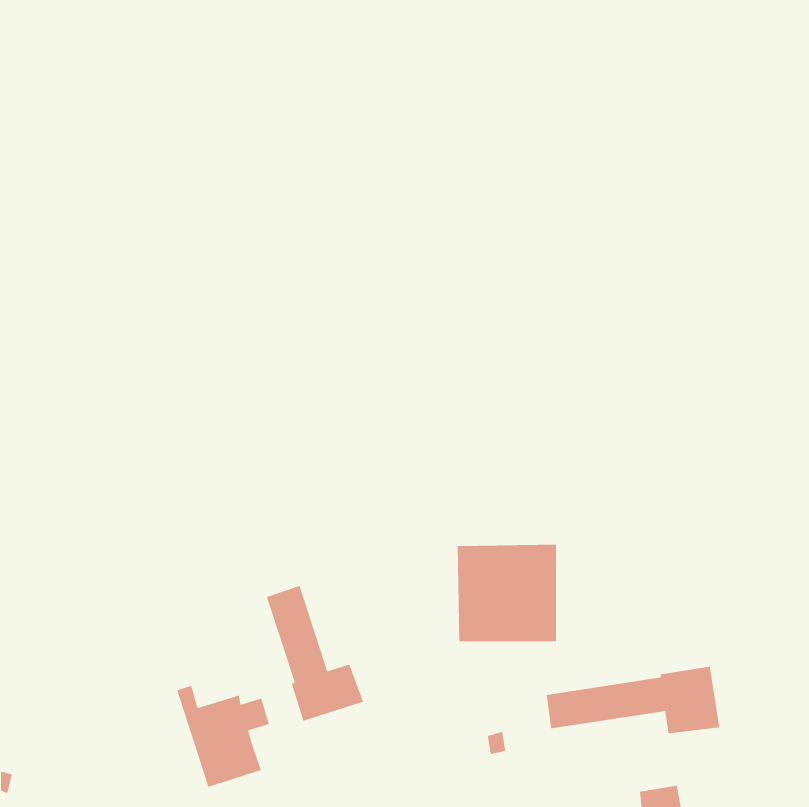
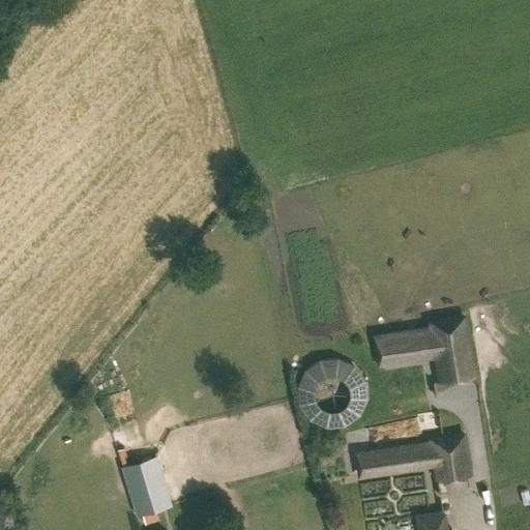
building: none -> [373,315,476,383]
building: [266,585,364,722] -> none

